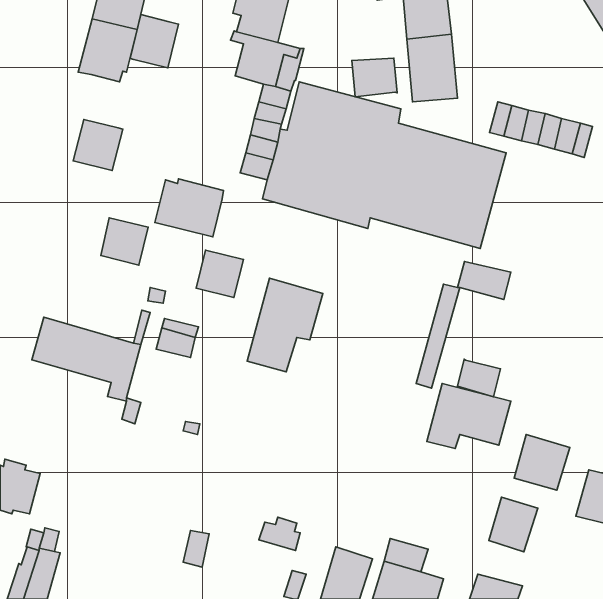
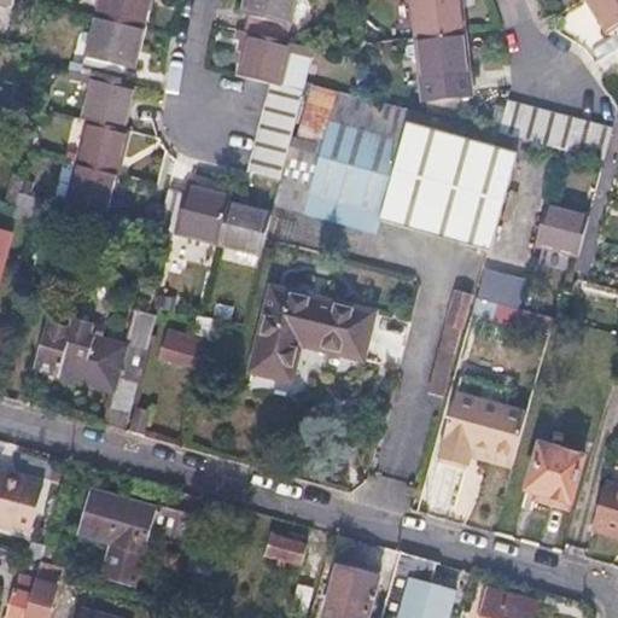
building: [130,15,179,68] -> [83,76,133,130]
building: [352,58,397,97] -> none
building: none -> [532,203,583,255]
building: [101,218,148,265] -> [68,164,116,212]
building: [196,250,243,298] -> [218,203,267,251]
building: none -> [317,299,377,358]
building: [457,359,501,397] -> none
building: none -> [82,489,197,583]
building: [489,497,538,552] -> none

